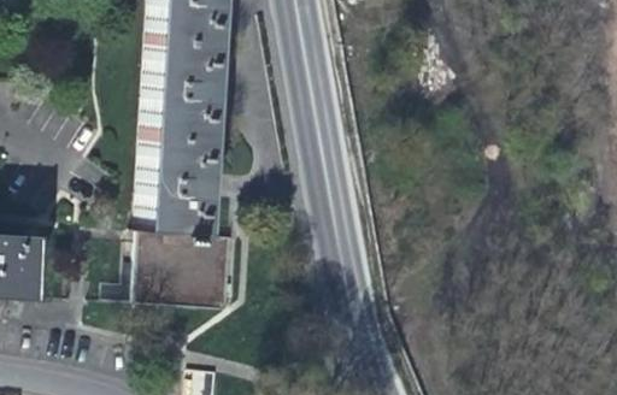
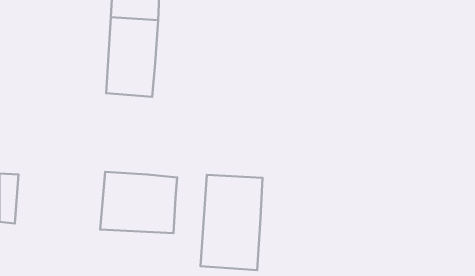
building: [145,135,210,237] -> none
building: none -> [201,175,263,270]

